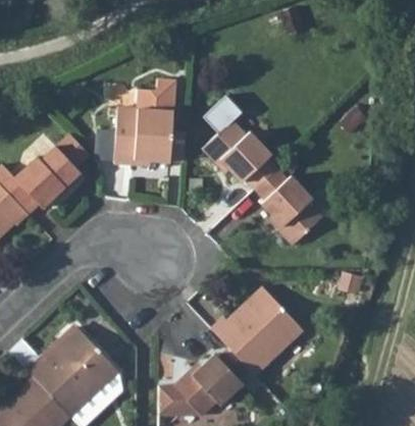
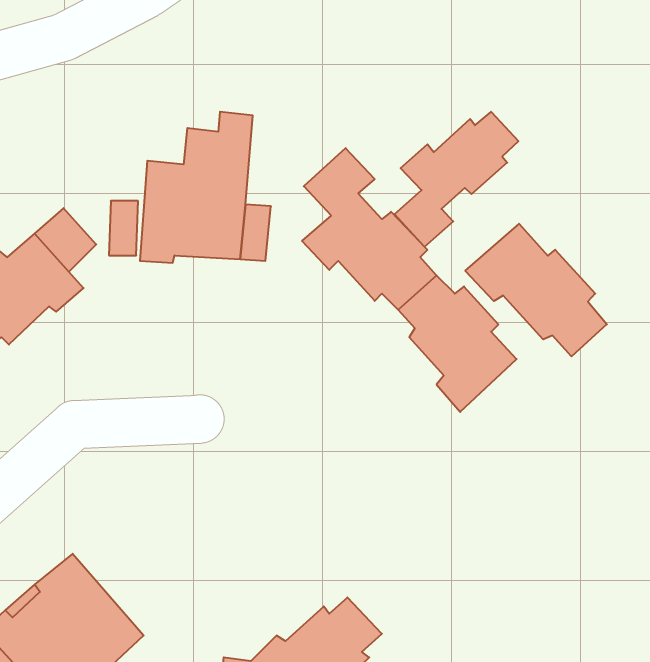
building: none -> [395,112,518,247]
building: none -> [465,224,607,356]
building: [213,297,305,379] -> none

